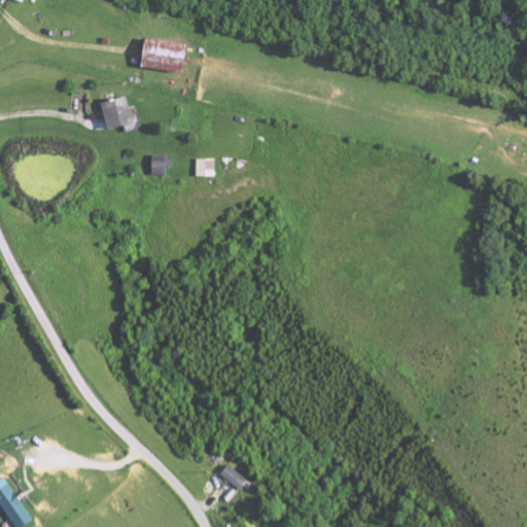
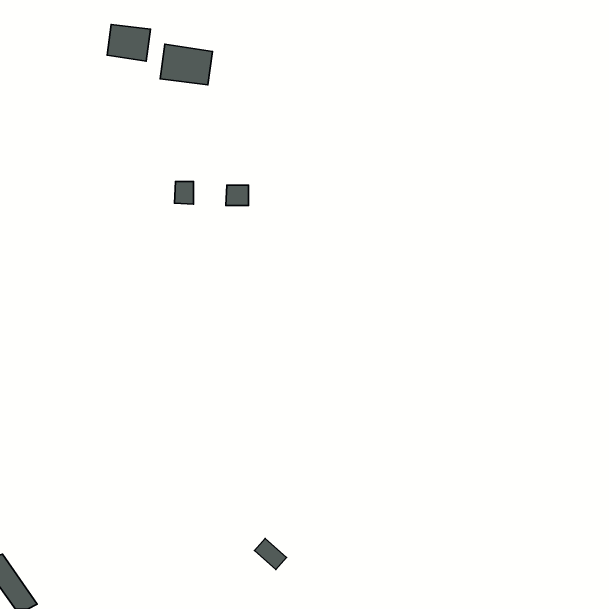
building: none -> [107,24,151,61]
building: [98,96,131,130] -> none

